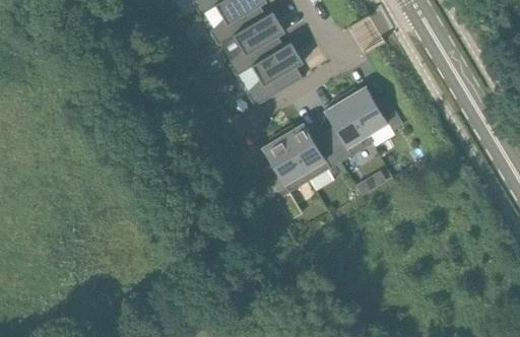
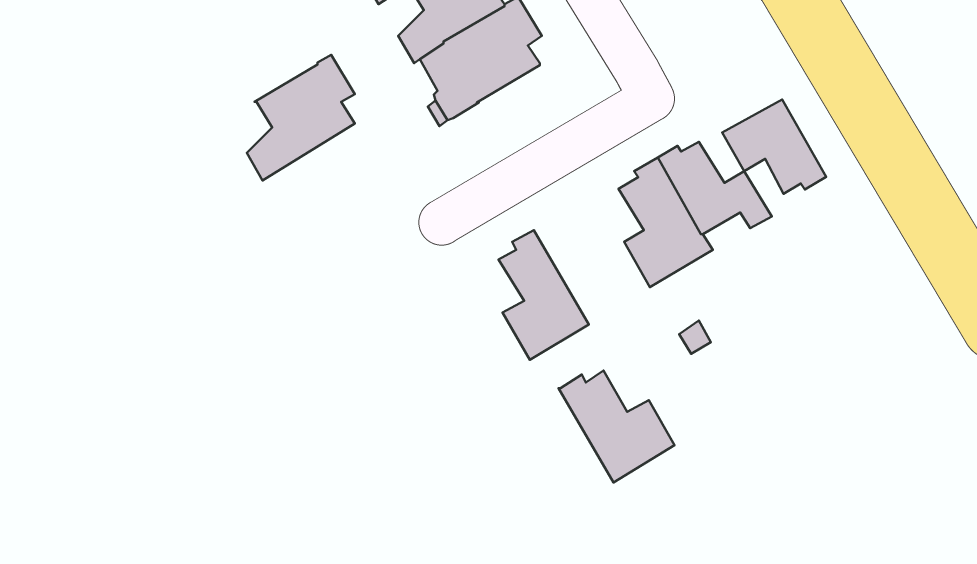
building: [247,43,303,108] -> [247,55,355,180]
building: none -> [722,99,826,194]
building: [280,124,340,182] -> [558,371,674,483]

